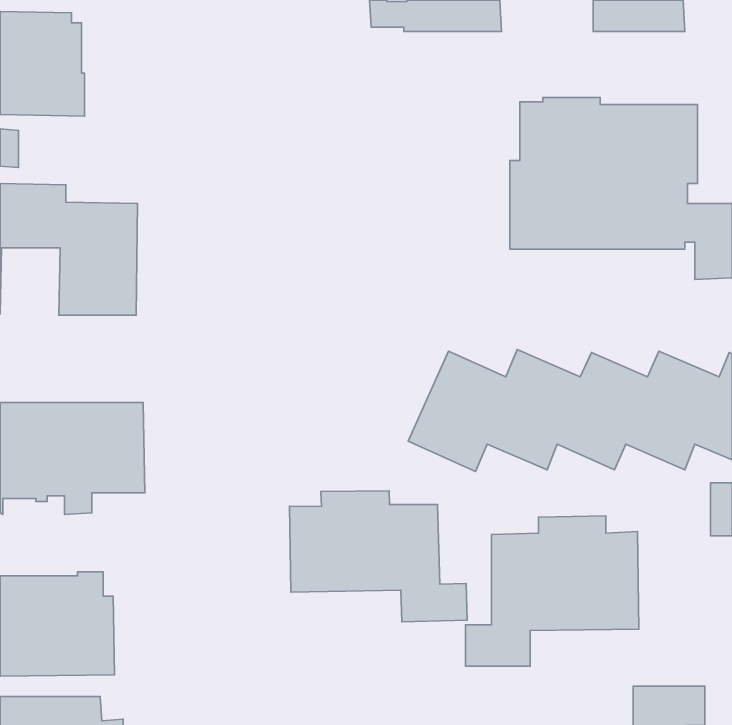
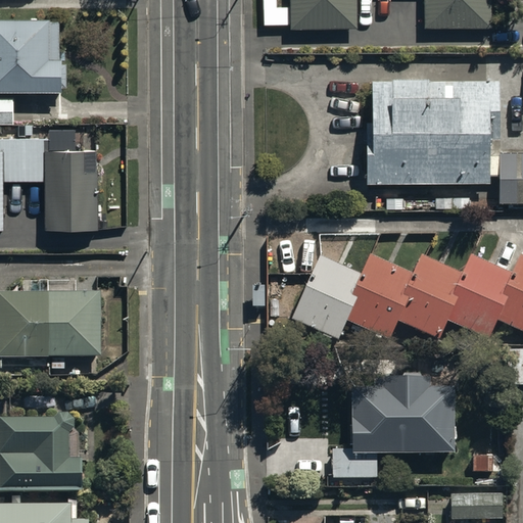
building: [289,491,467,622] -> none

